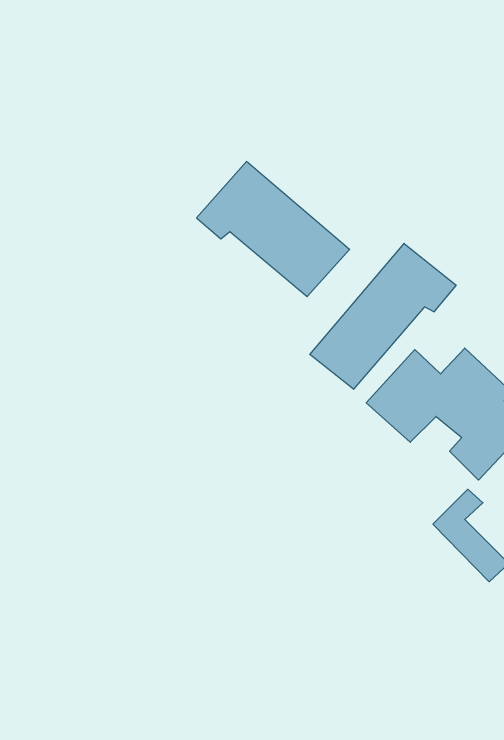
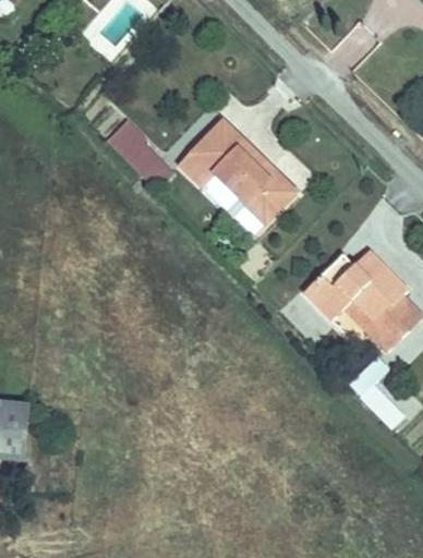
building: none -> [106,117,172,182]
building: [310,243,456,389] -> none

